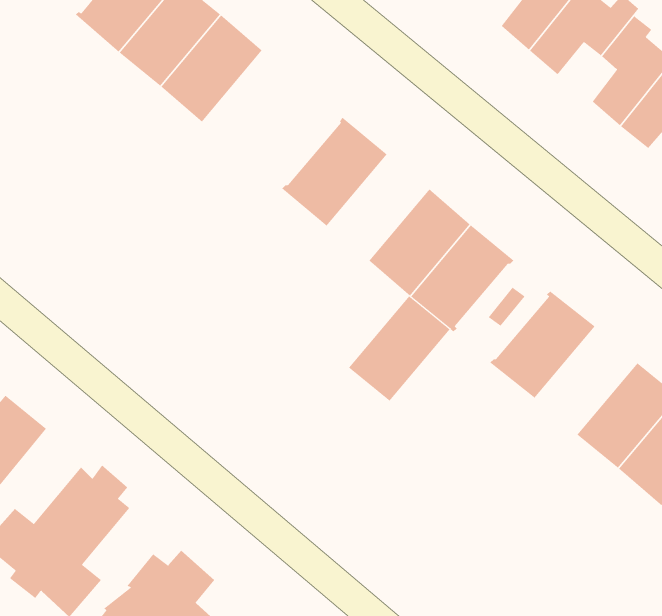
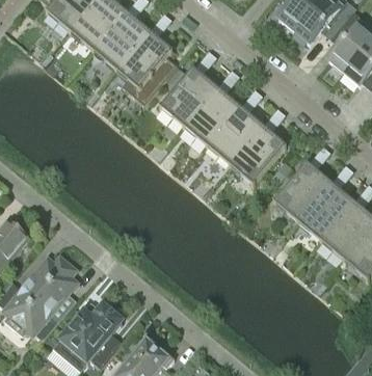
building: none -> [114,30,178,106]
building: [348,296,450,401] -> [183,87,239,145]
building: none -> [297,182,353,241]

